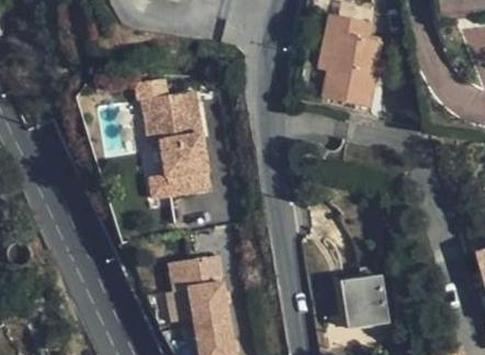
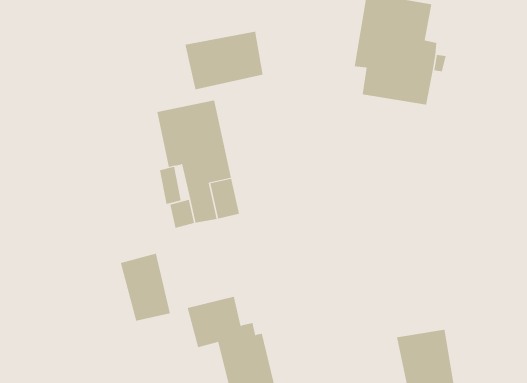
building: none -> [185,31,263,90]
building: none -> [120,253,171,322]

